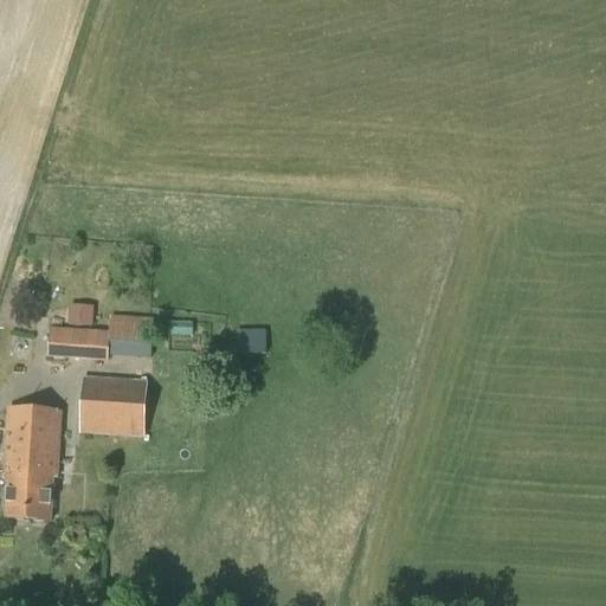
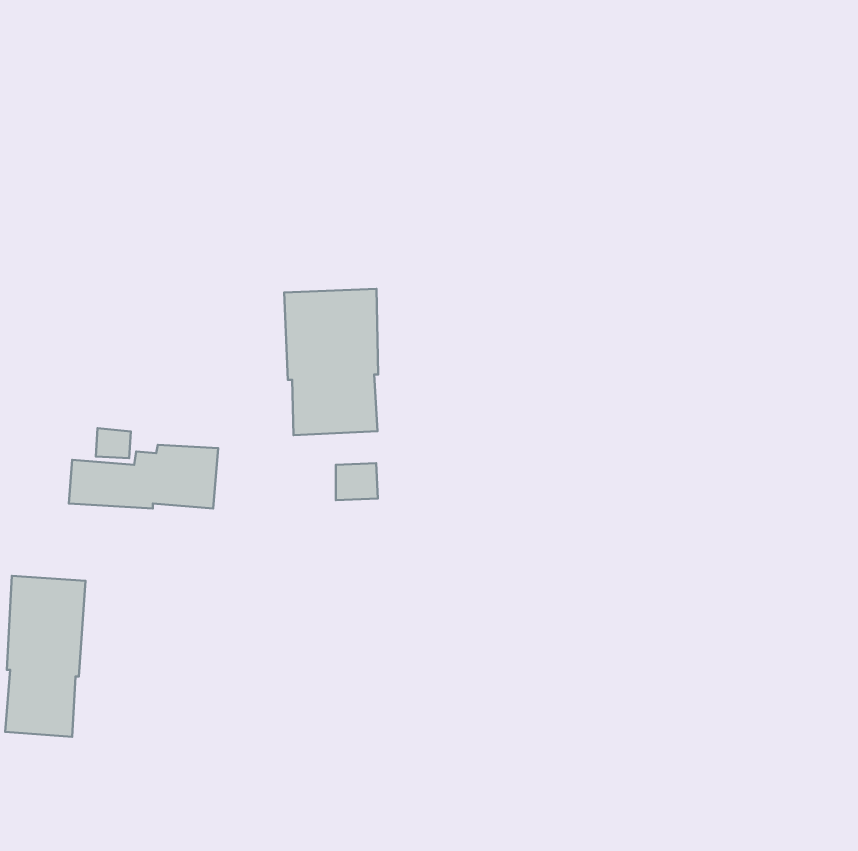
building: none -> [284,289,378,435]
building: [79,375,148,434] -> none

